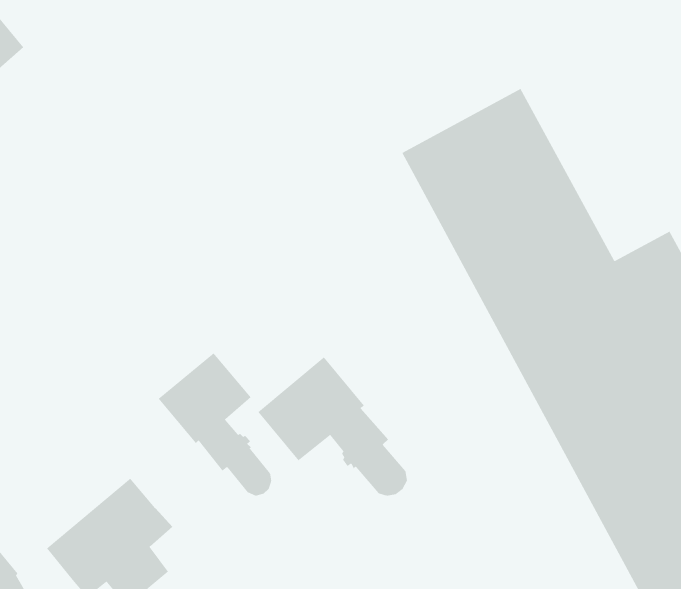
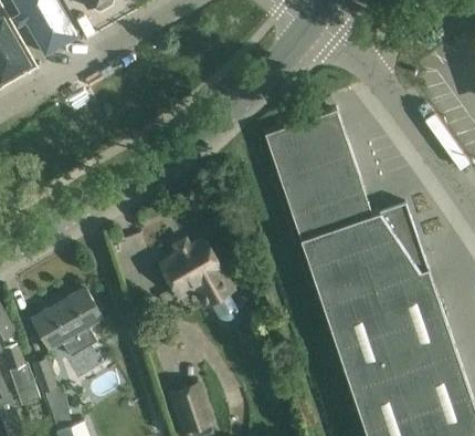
building: [158,352,272,496] -> none

